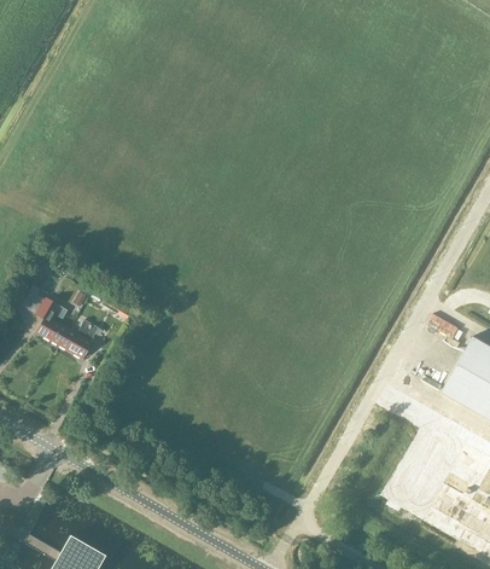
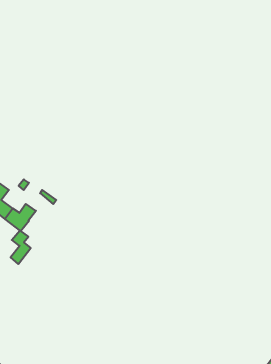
building: none -> [11,231,31,264]

